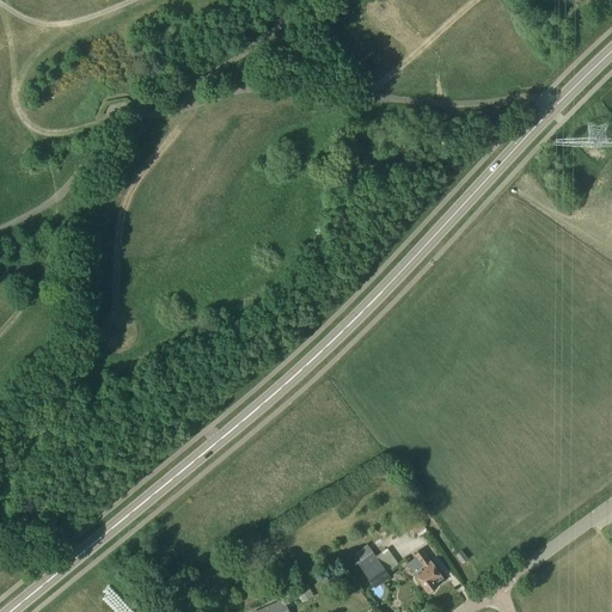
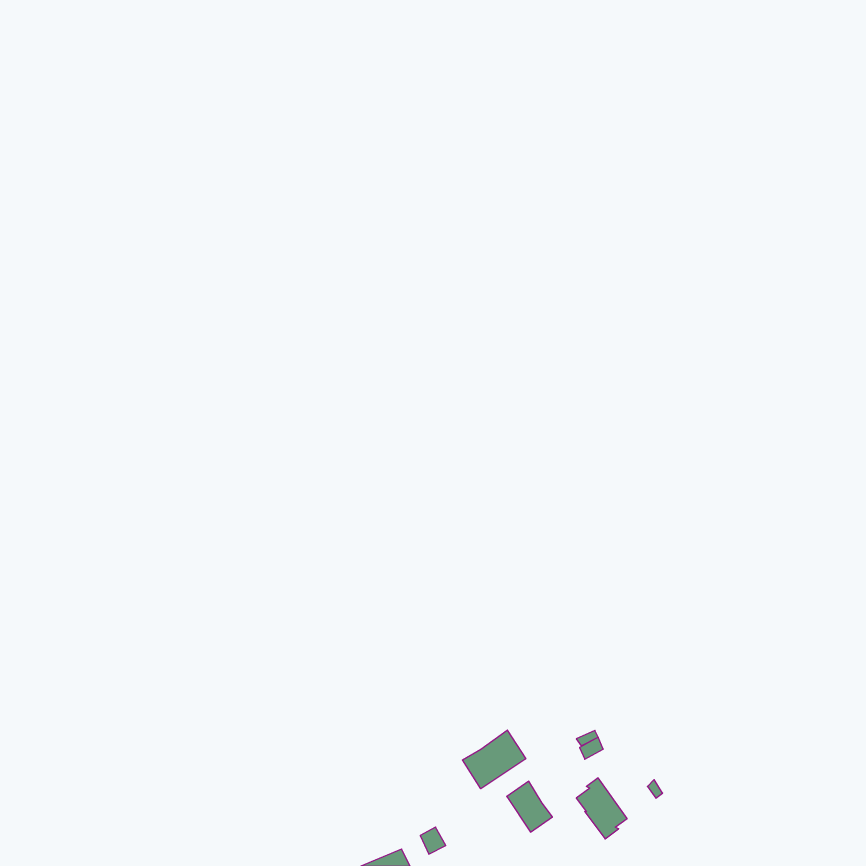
building: none -> [462,730,526,789]

